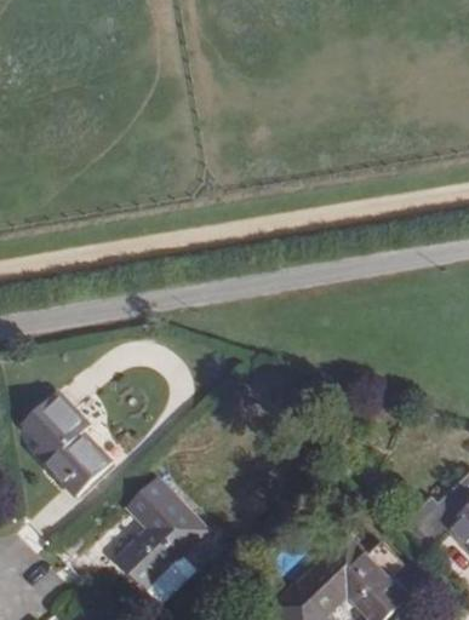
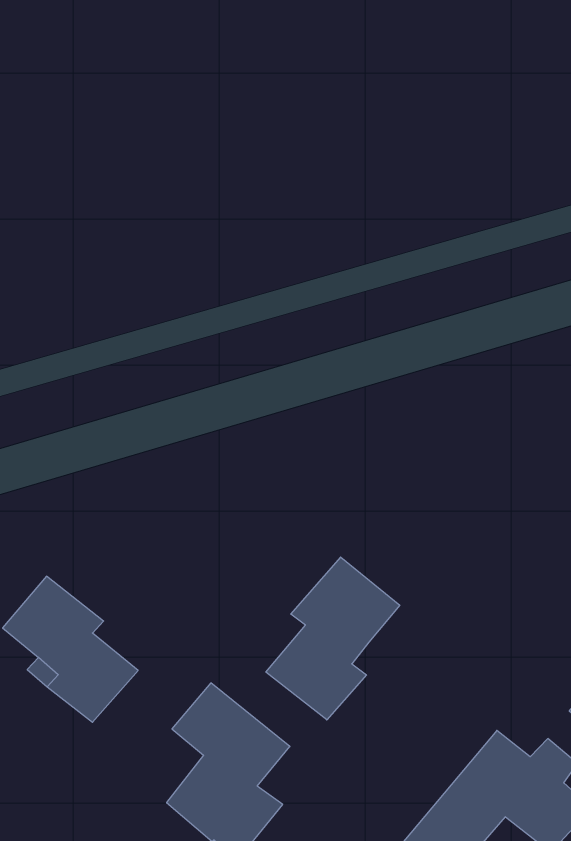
building: none -> [266,557,400,720]

